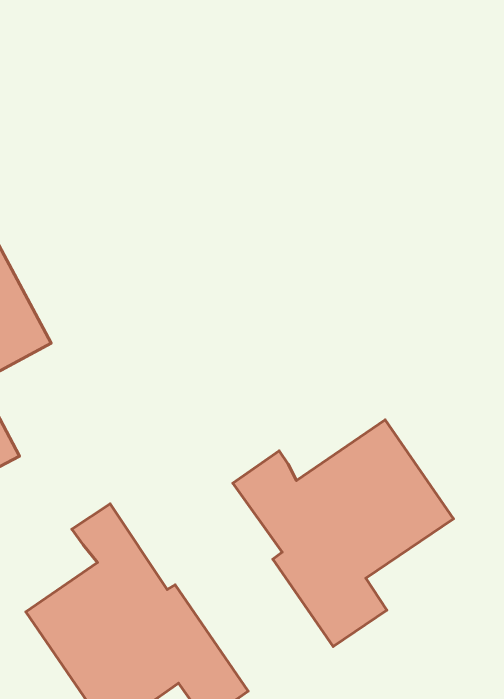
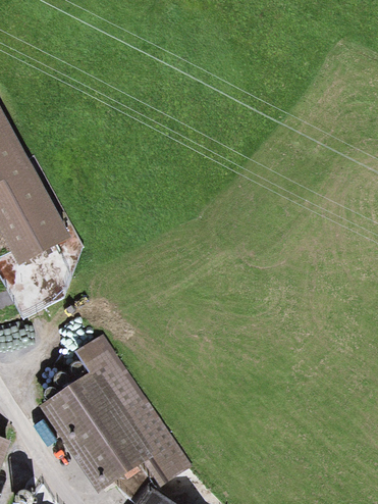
building: [233,420,454,647] -> none

